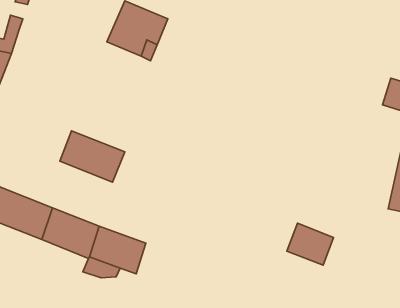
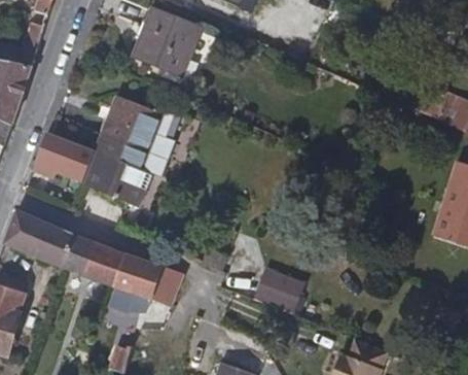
building: none -> [96,95,178,176]
building: none -> [31,130,87,181]
building: [287,223,334,265] -> [252,272,302,317]

